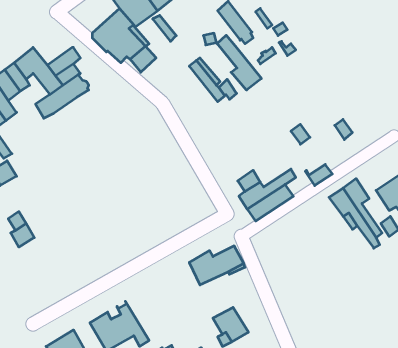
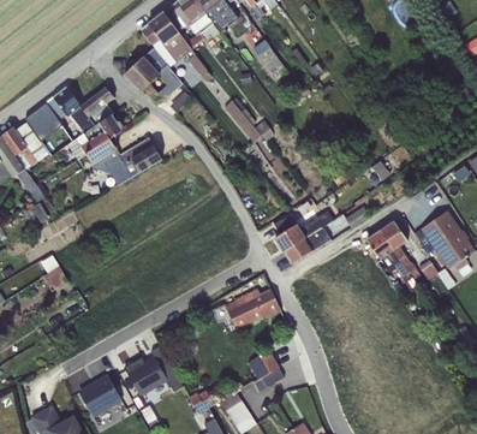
building: [217,35,261,90] -> none
building: none -> [87,137,162,184]

